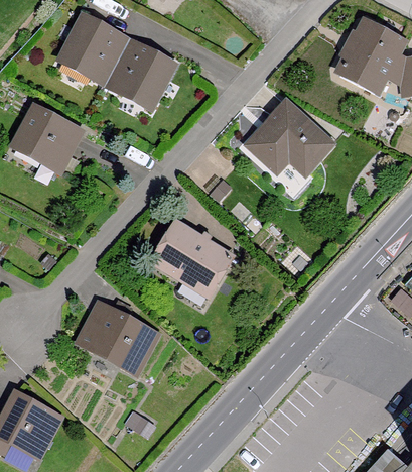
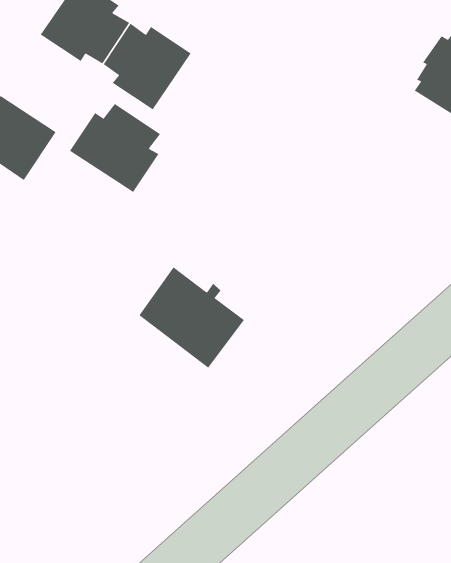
building: [248,101,330,169] -> none
building: none -> [69,103,161,193]
building: [77,308,155,369] -> none

